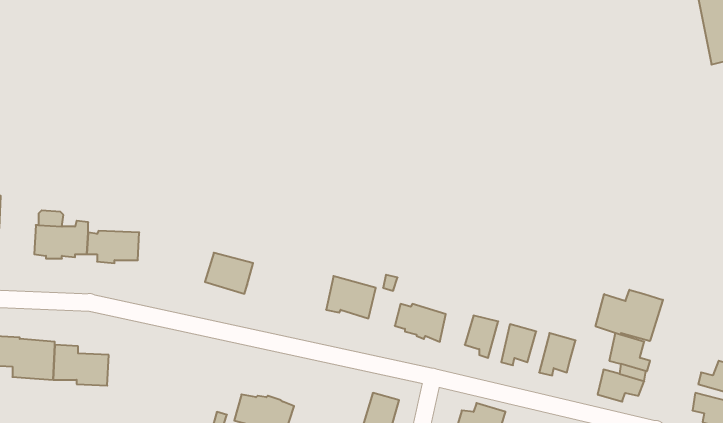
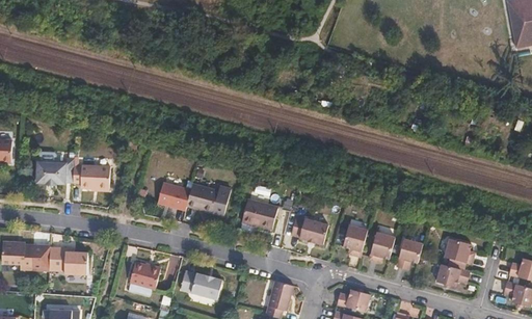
building: none -> [187,181,232,214]
building: [596,290,663,341] -> none
building: none -> [130,260,161,288]

